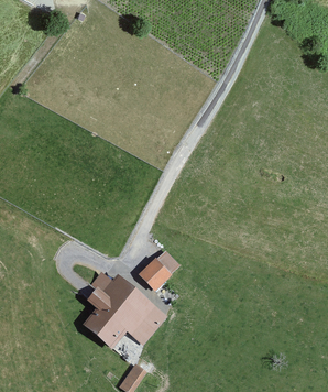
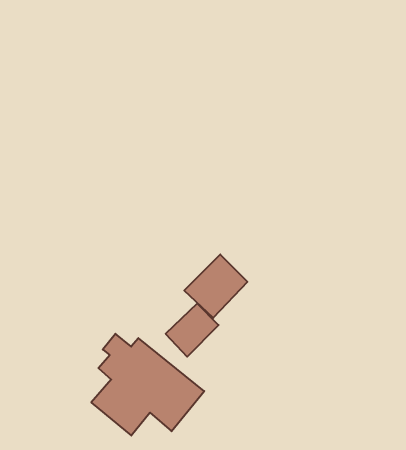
building: none -> [184,254,247,318]

